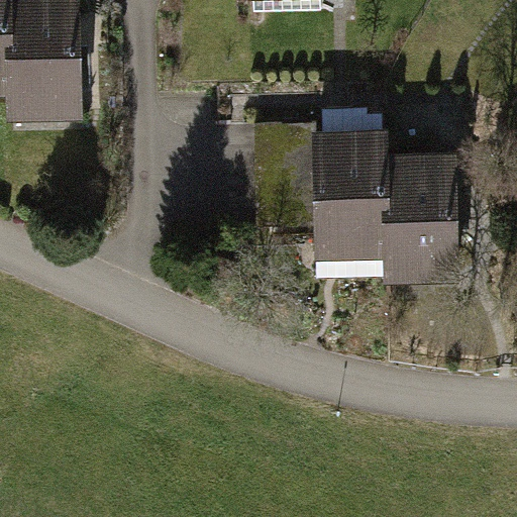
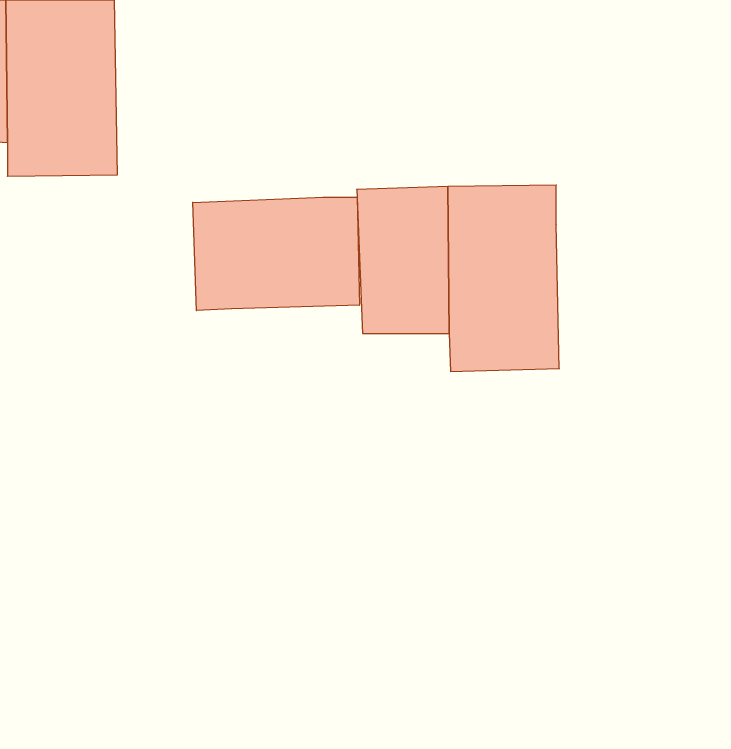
building: none -> [193,197,359,311]
building: [383,154,463,282] -> none

